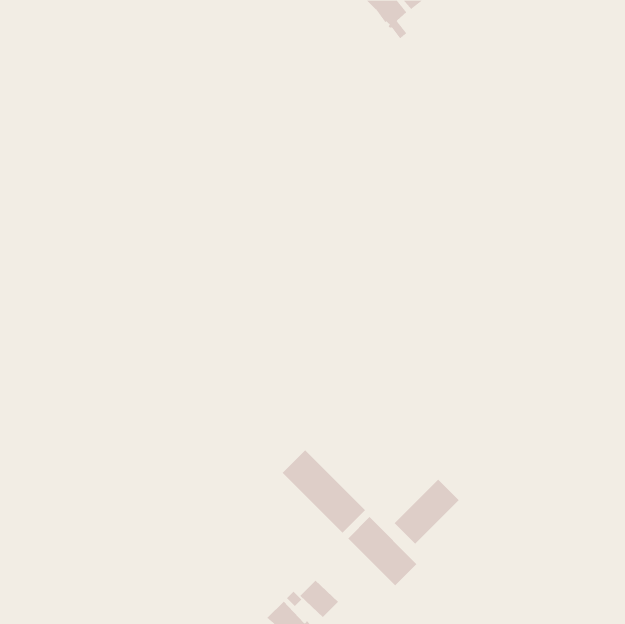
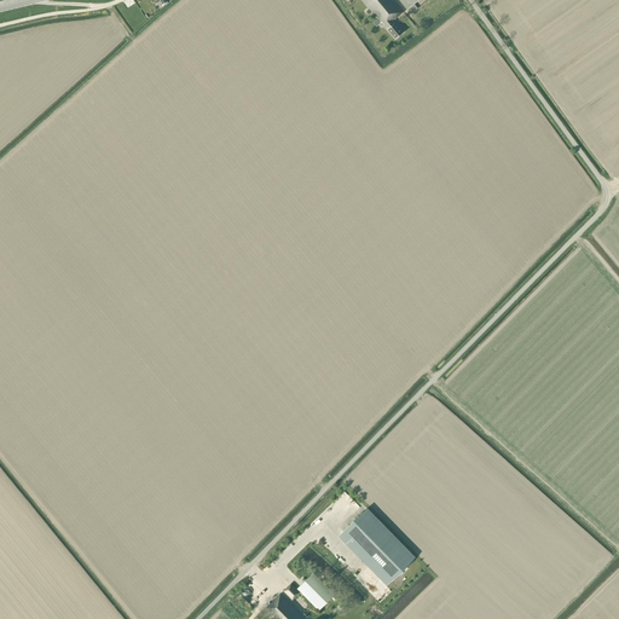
building: [282,450,366,534] -> none
building: [394,479,459,544] -> none

